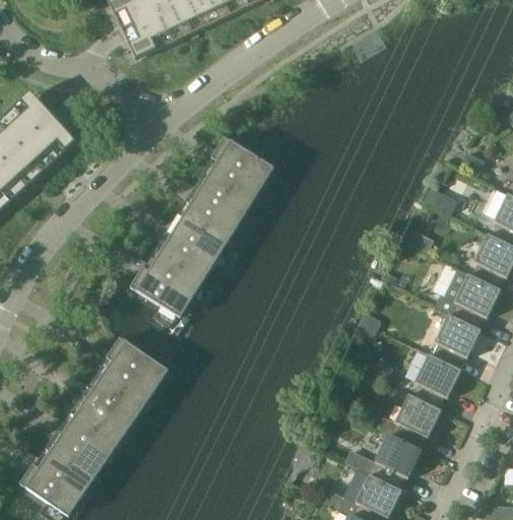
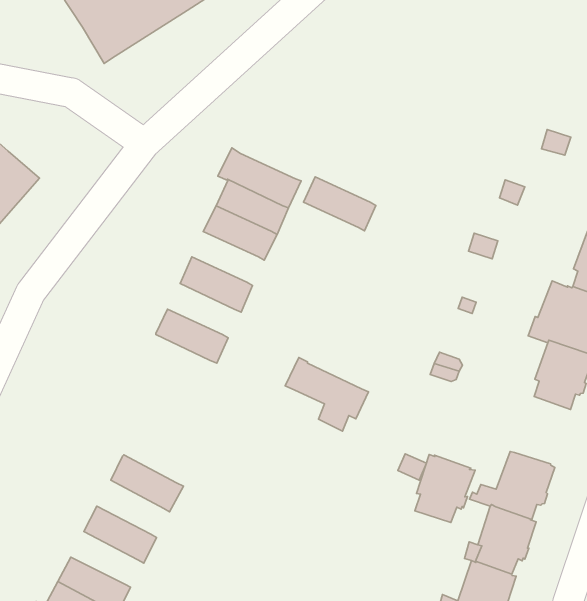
building: [184,195,239,241] -> [303,177,376,231]
building: [161,233,216,278] -> none
building: [130,264,193,324] -> [285,358,368,431]
building: [107,335,169,387] -> none
building: [411,350,461,404] -> [415,455,475,523]
building: [88,376,143,424] -> none
building: [64,412,119,459] -> none

